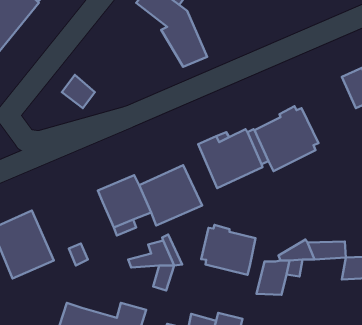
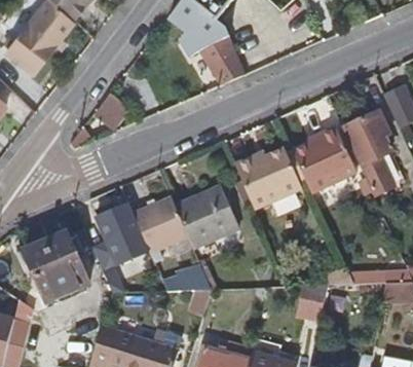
building: none -> [344,110,393,193]
building: none -> [100,204,139,262]
building: [201,225,256,275] -> none

